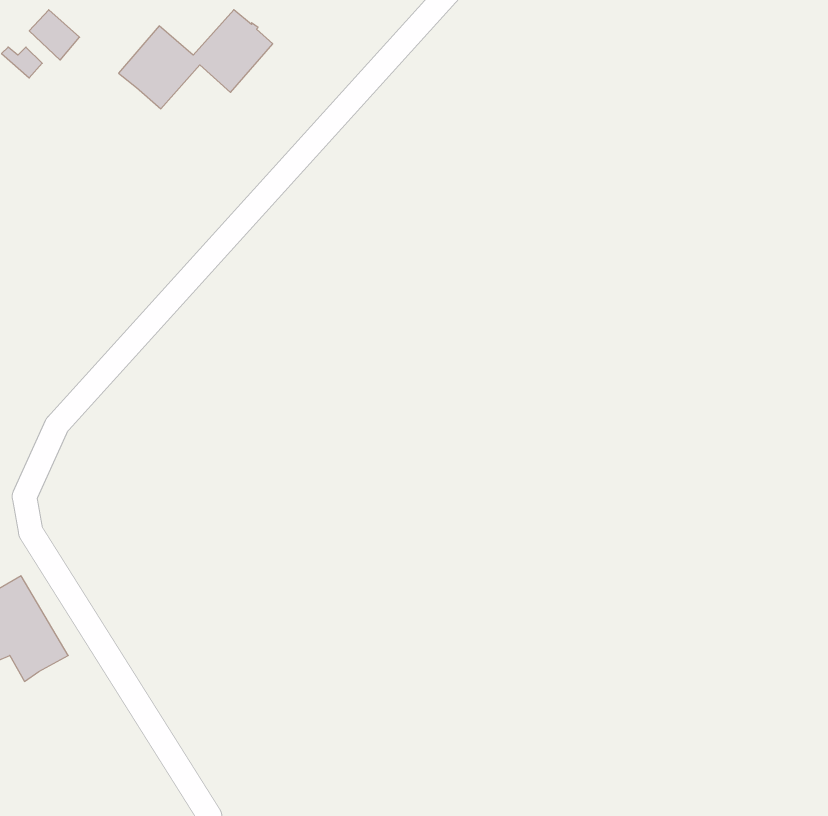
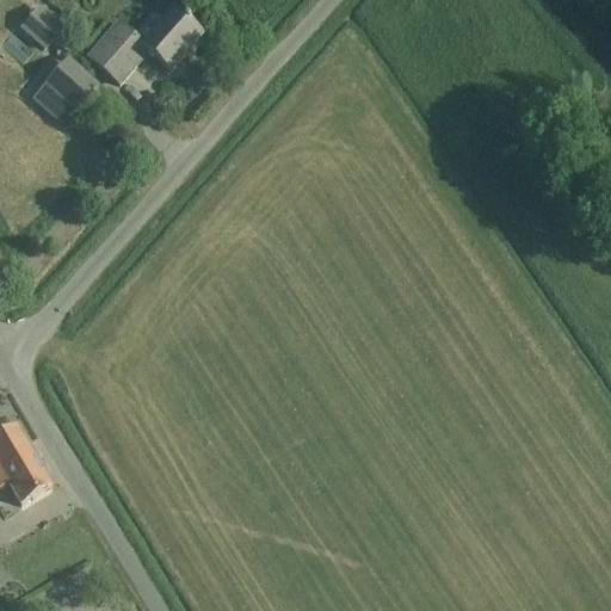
building: none -> [32,54,98,121]

